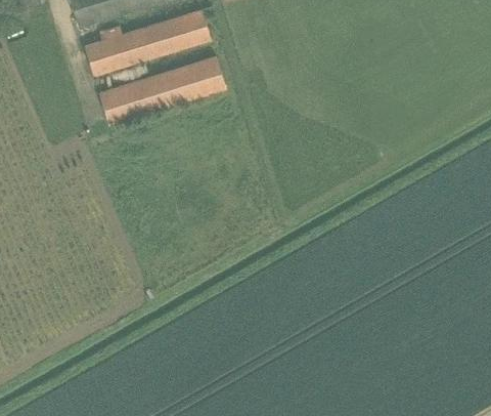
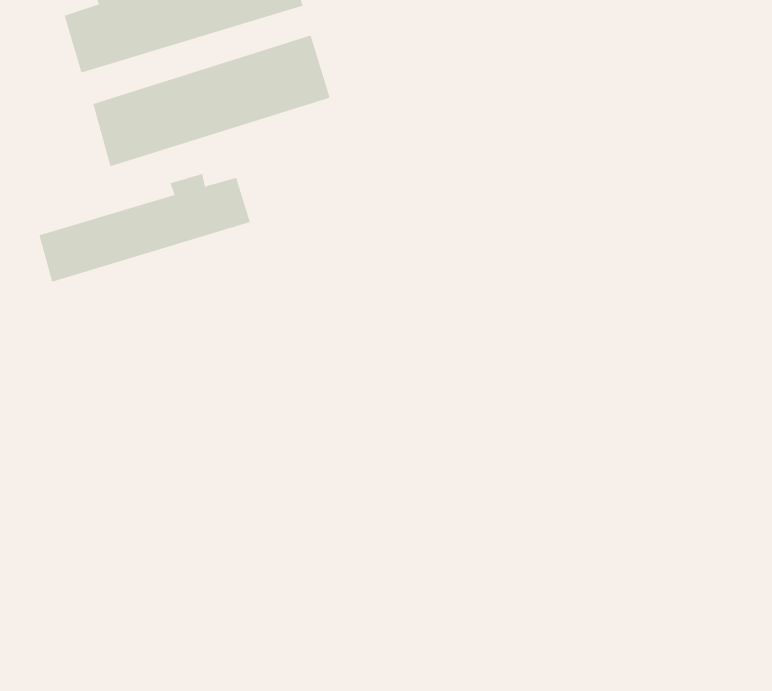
building: none -> [39,173,250,282]

